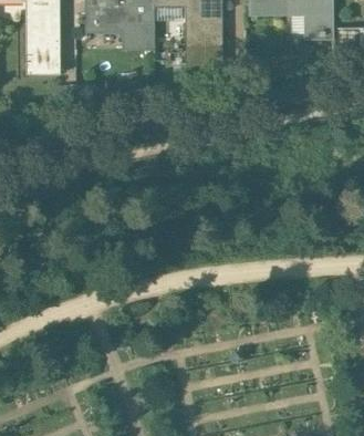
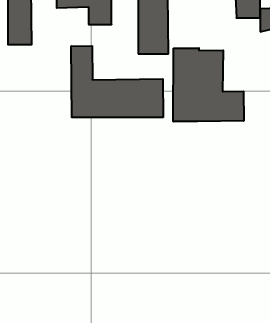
building: none -> [71,46,163,117]
building: none -> [173,48,244,122]

